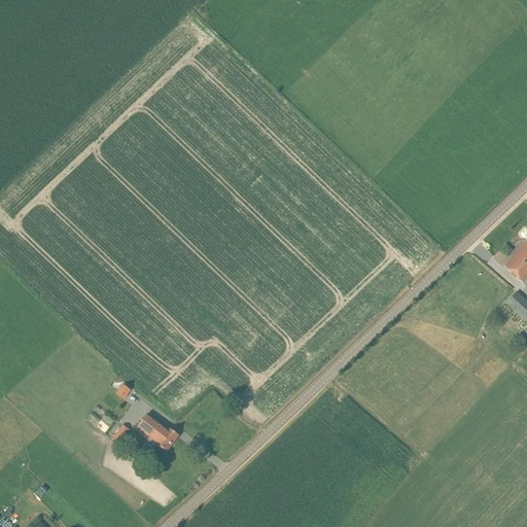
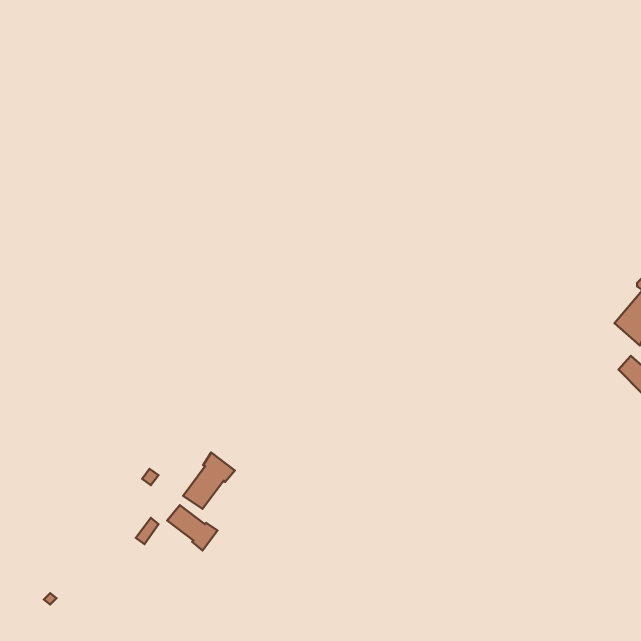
building: none -> [183,452,235,509]

